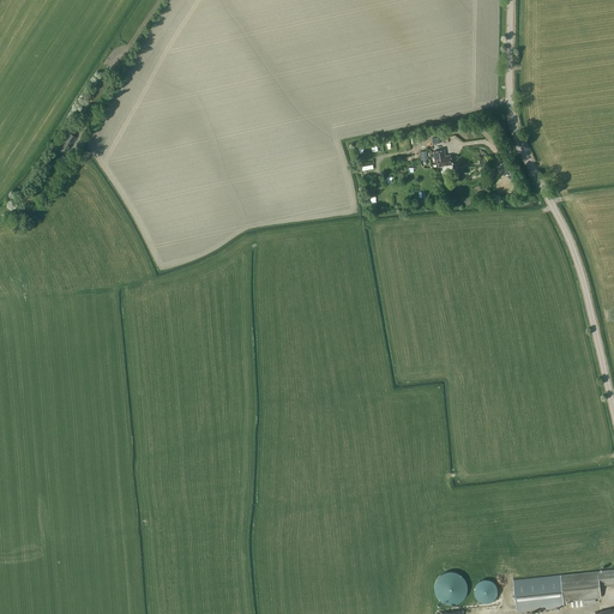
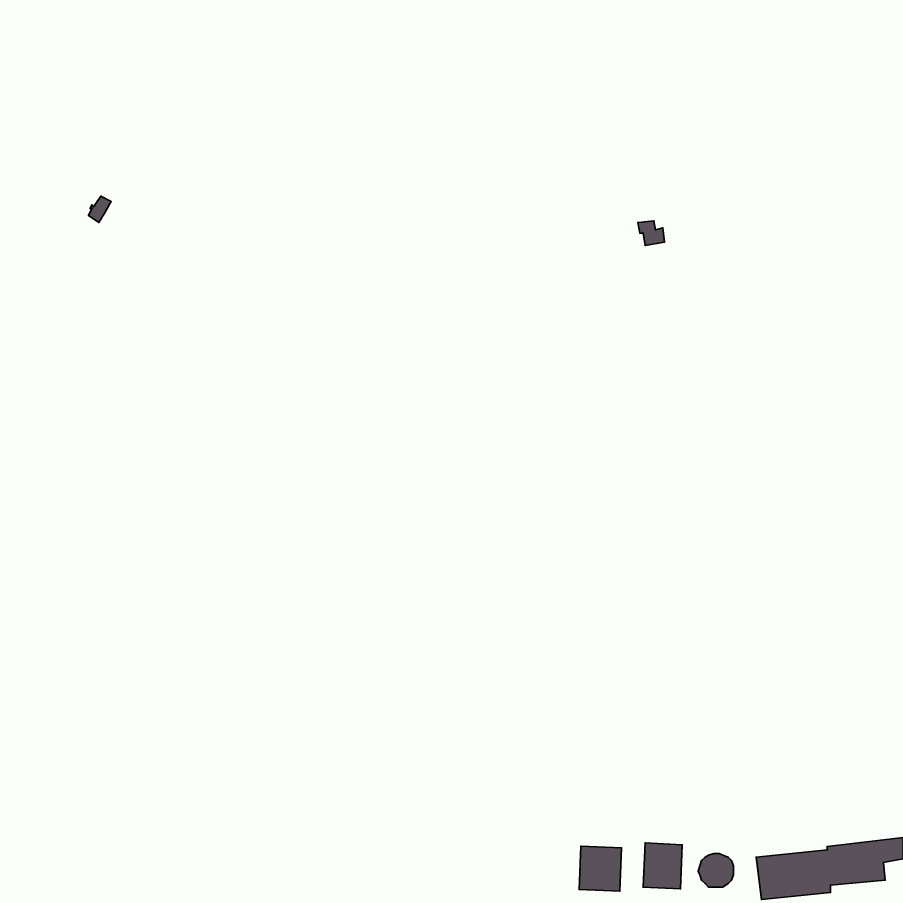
building: none -> [579,846,621,891]

